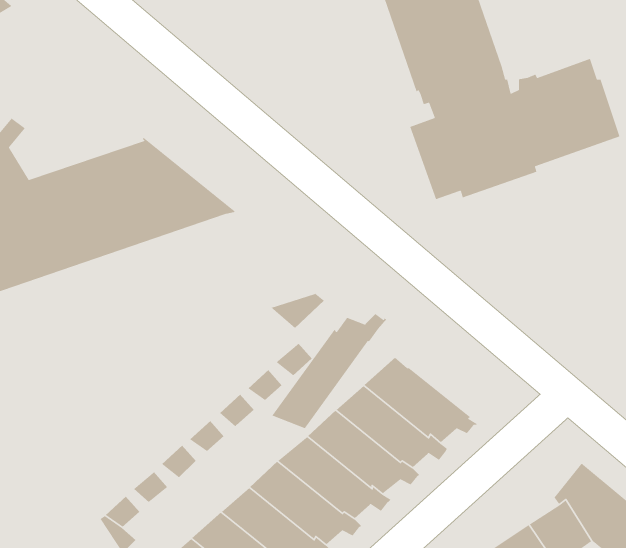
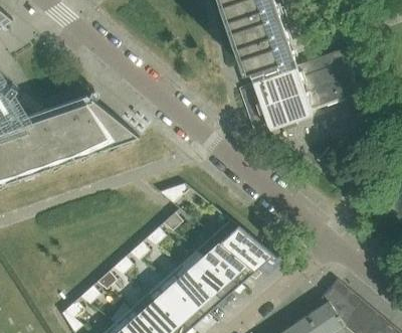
building: [271,313,387,429] -> none

